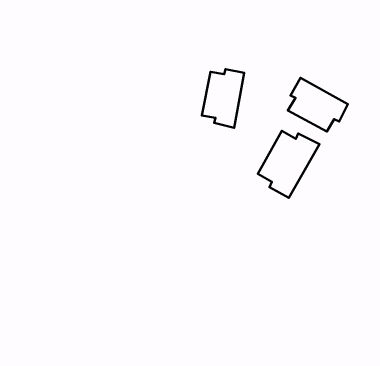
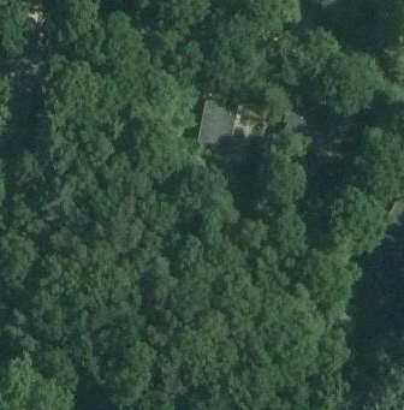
building: [258,131,320,198] -> none

